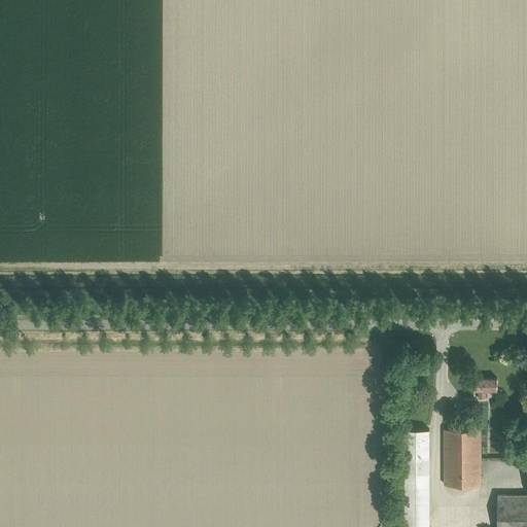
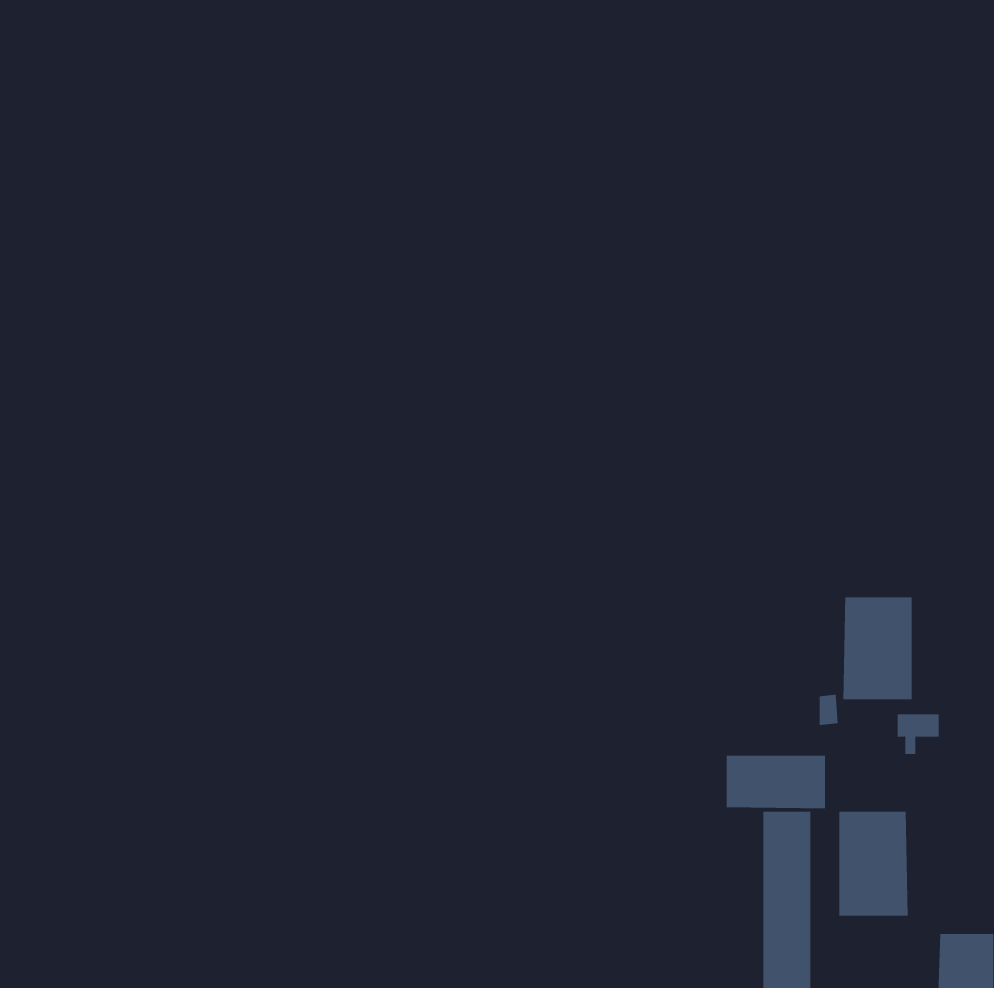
building: none -> [843,596,912,700]
building: none -> [726,755,826,809]

